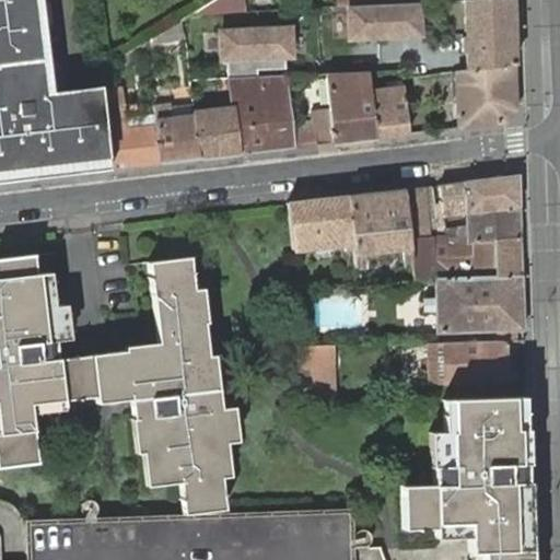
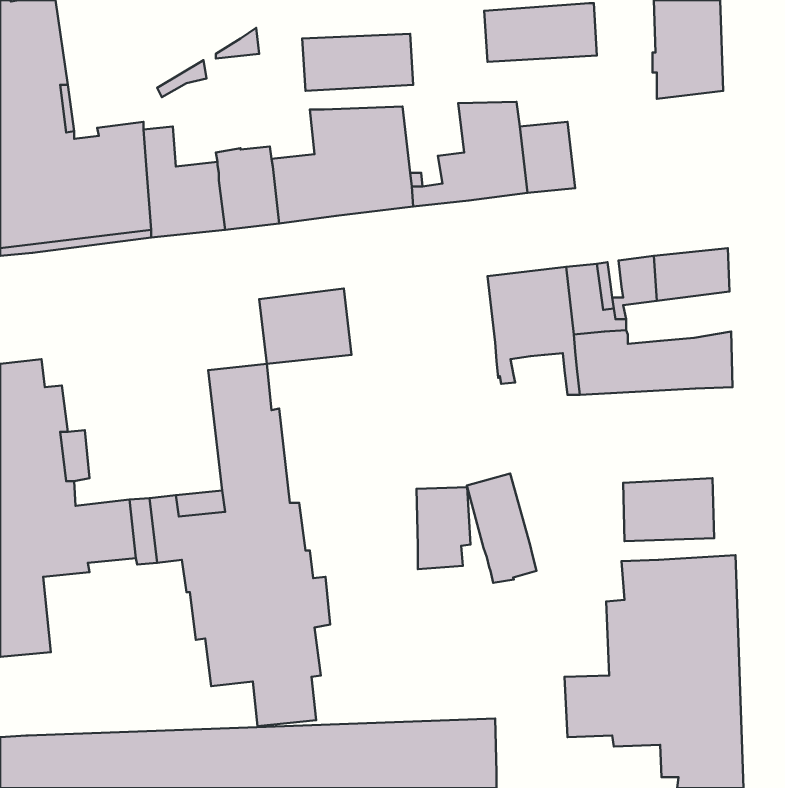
building: [458,65,517,128] -> none
building: [288,196,353,249] -> [259,288,352,364]
building: [446,207,521,244] -> none
building: [435,275,524,331] -> none
building: none -> [467,474,537,583]

